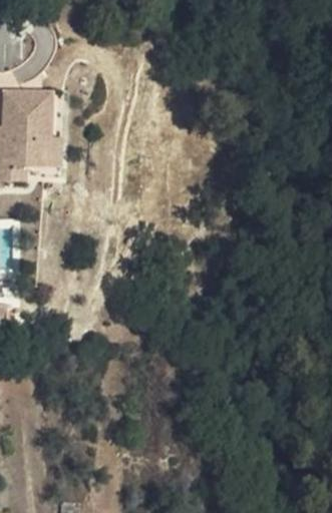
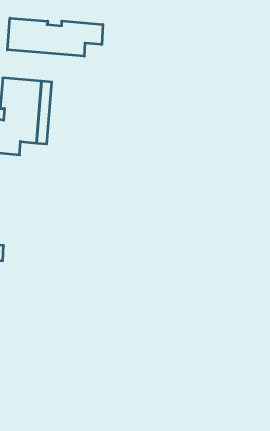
building: none -> [7,18,103,56]

